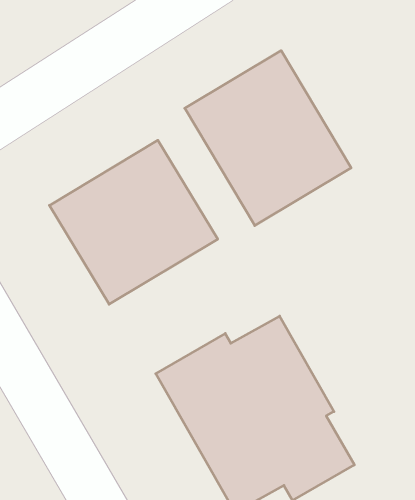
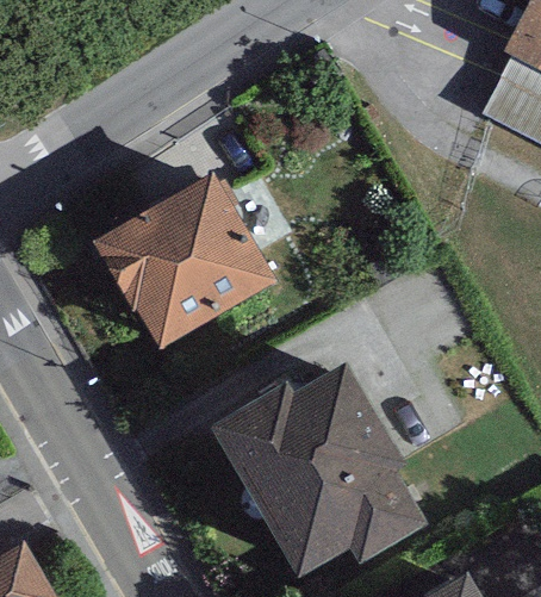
building: [185,51,351,226] -> none

